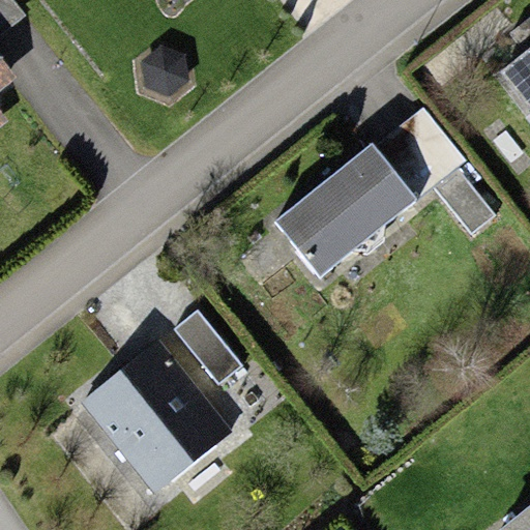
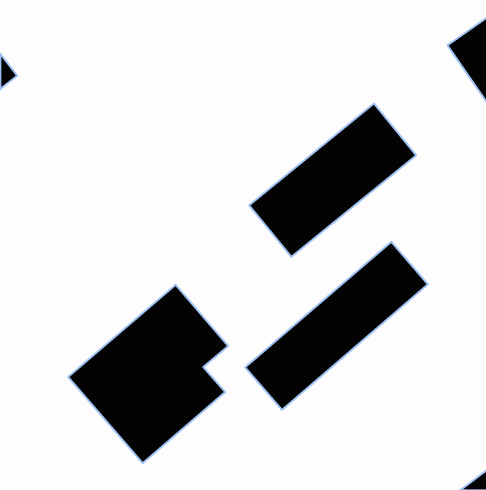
building: none -> [245,242,428,410]

